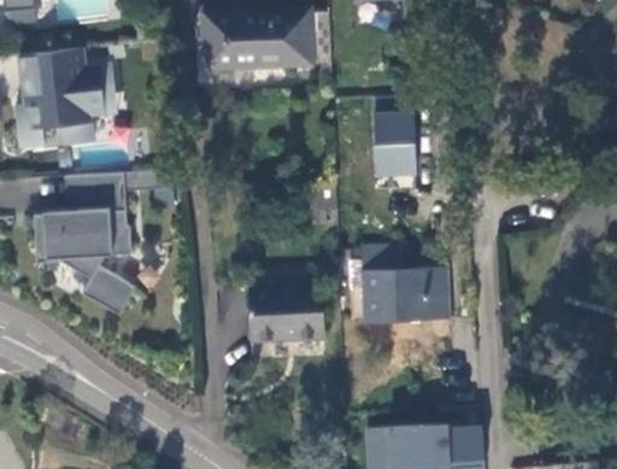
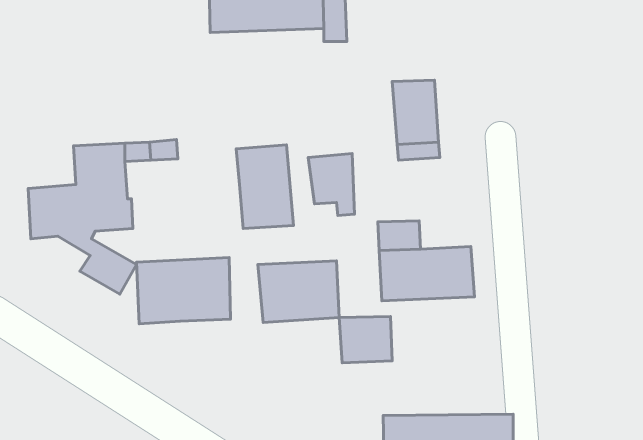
building: [14,48,113,146] -> none
building: none -> [236,145,294,228]
building: none -> [137,258,230,324]
building: none -> [339,317,392,363]

